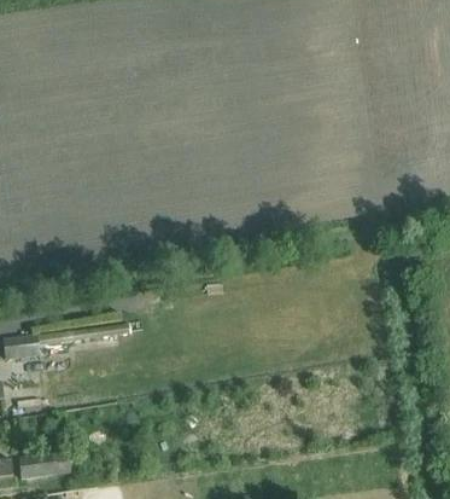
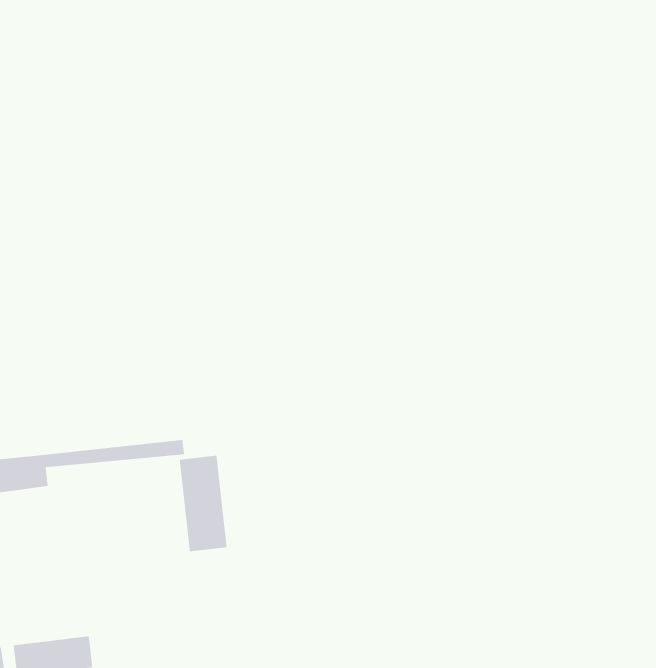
building: none -> [179,455,227,552]

